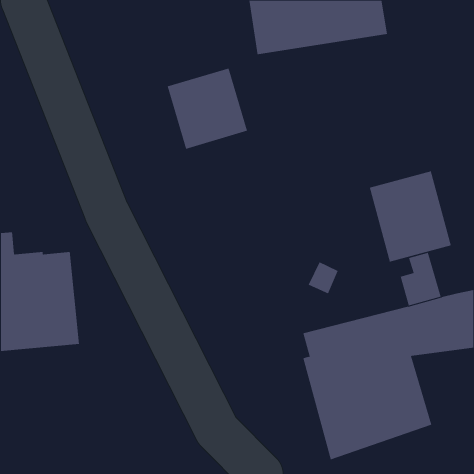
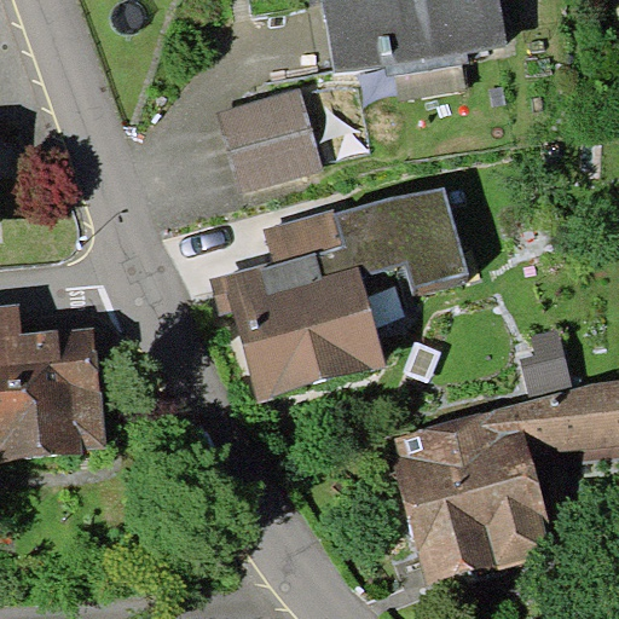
building: none -> [210,184,469,400]
building: [369,170,451,263] -> none

